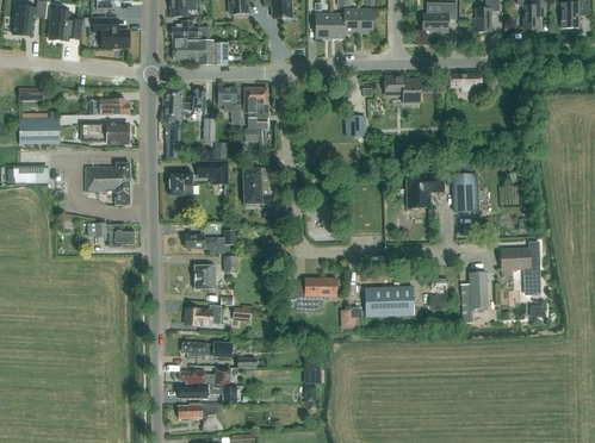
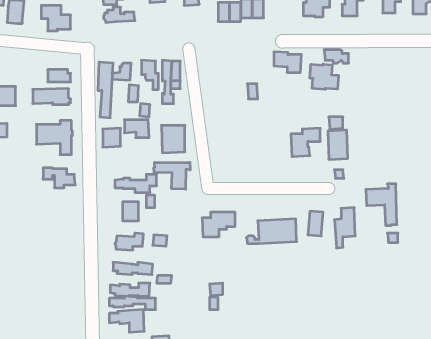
building: [173,37,228,64] -> none
building: none -> [310,64,338,89]
building: none -> [154,162,190,189]

